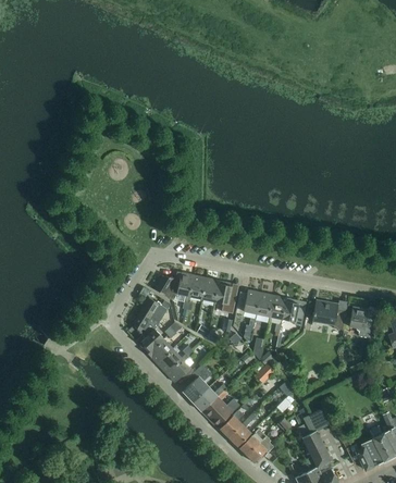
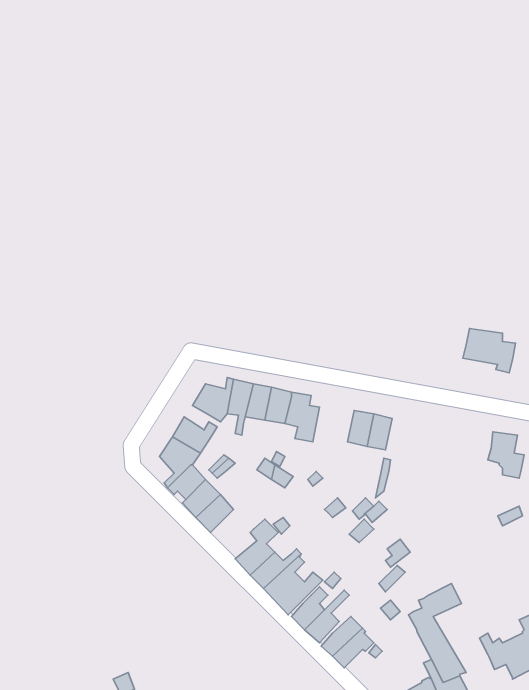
building: [236,289,261,313] -> none
building: [282,298,306,325] -> none
building: [312,300,347,330] -> [463,328,516,373]
building: [166,348,195,382] -> none

